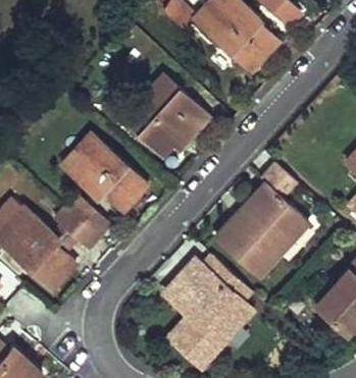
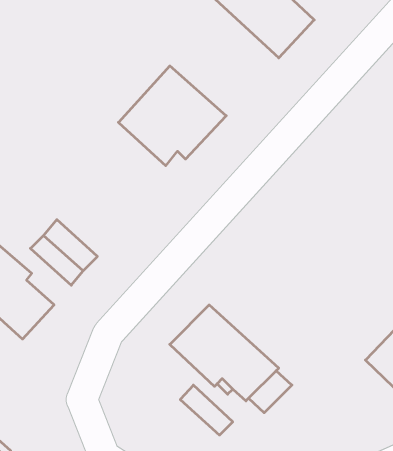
building: [61,133,146,212] -> none
building: [216,165,306,277] -> none

